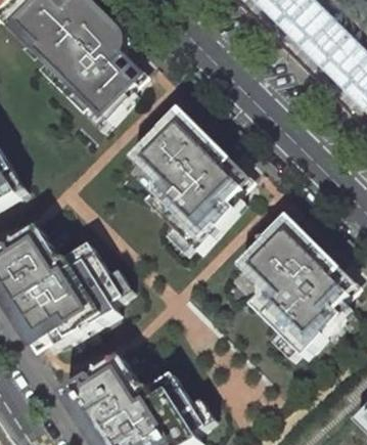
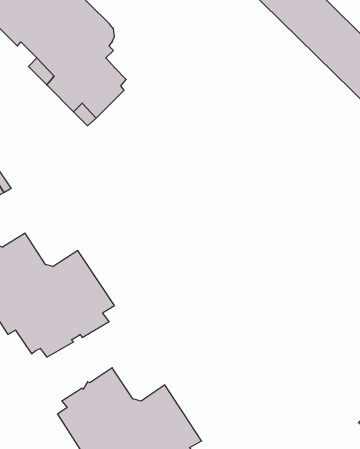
building: [127,108,240,249] -> none
building: [235,219,347,352] -> none

